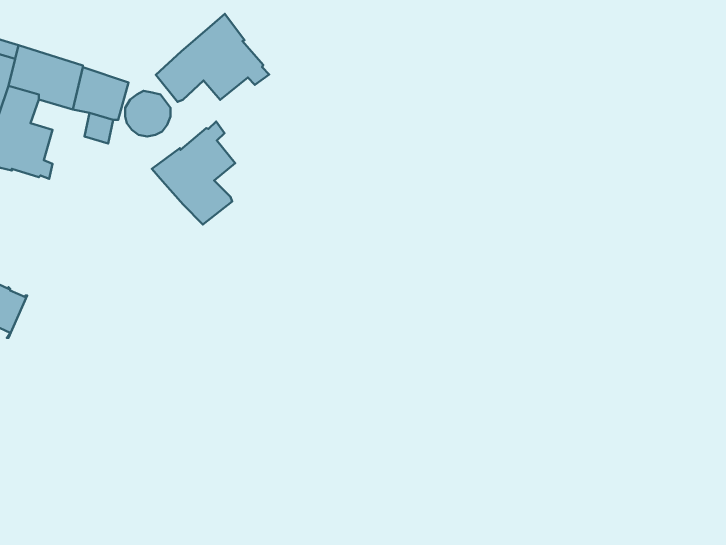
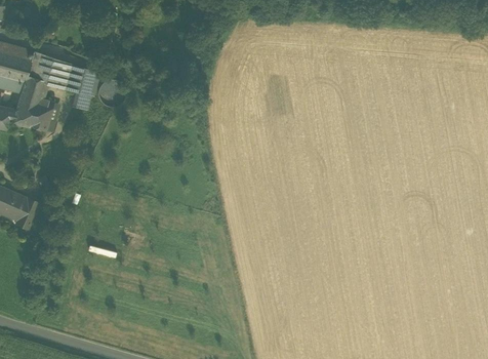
building: [156,14,269,102] -> none
building: [152,122,235,225] -> none

